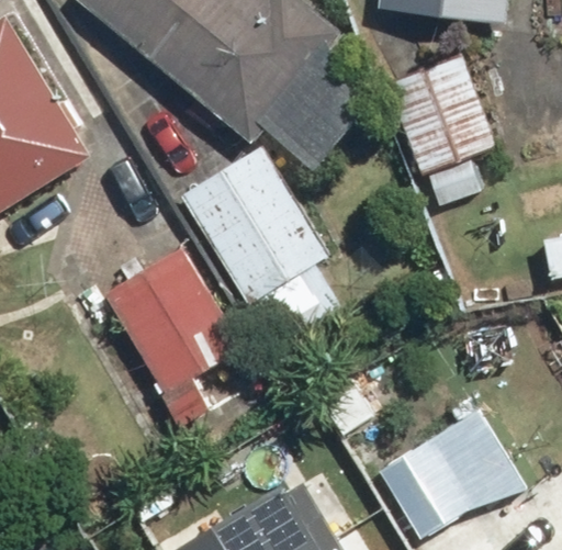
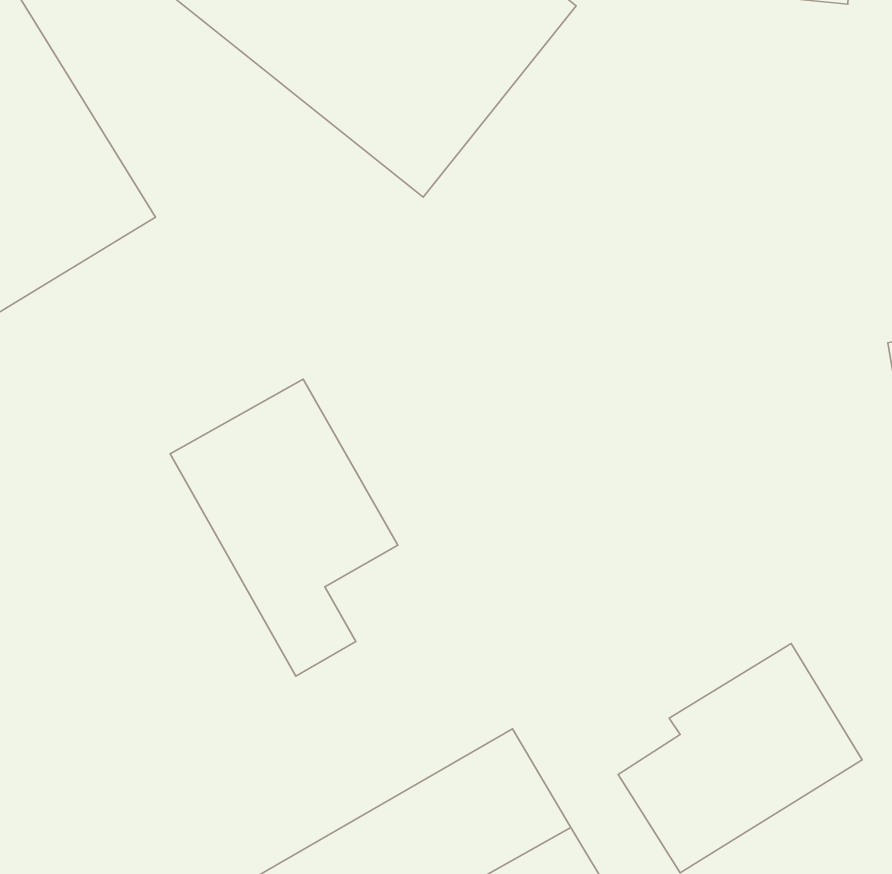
building: [382,49,497,210] -> none
building: [180,145,341,345] -> none

